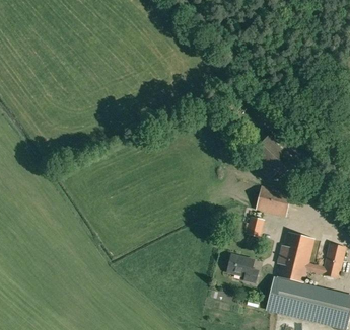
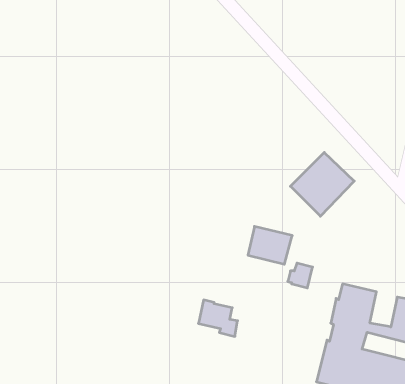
building: [256,186,290,216] -> [248,226,292,264]
building: [226,254,257,282] -> [198,300,238,336]

